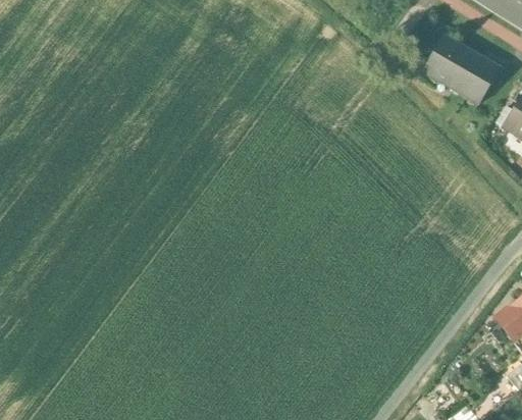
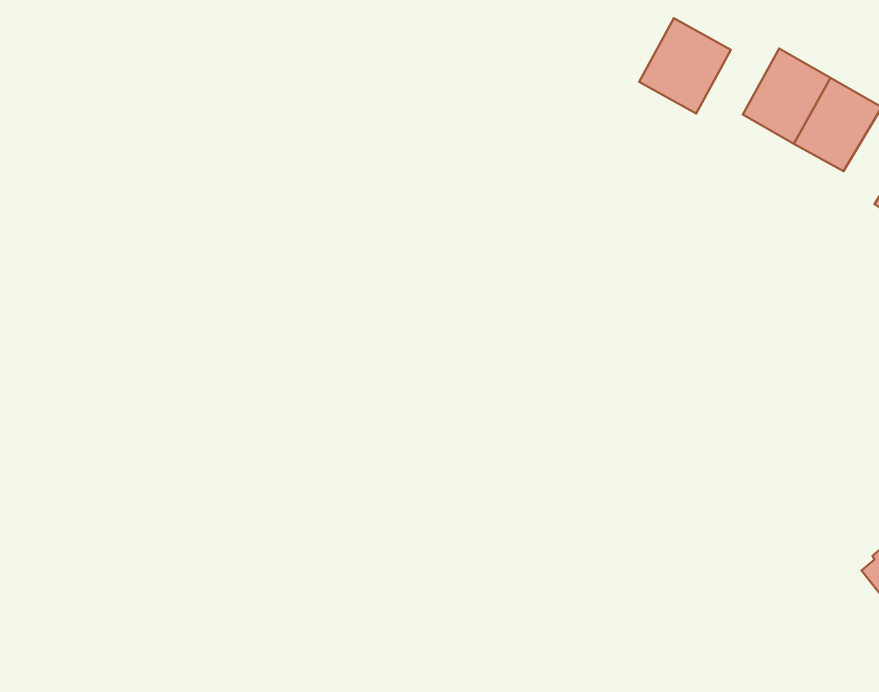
building: none -> [639,18,731,114]

